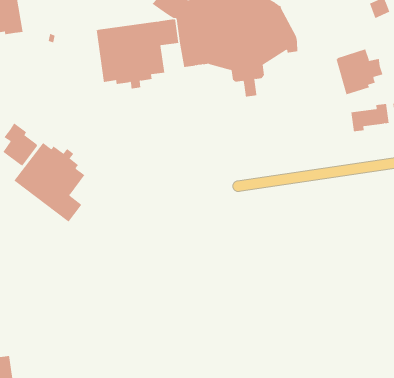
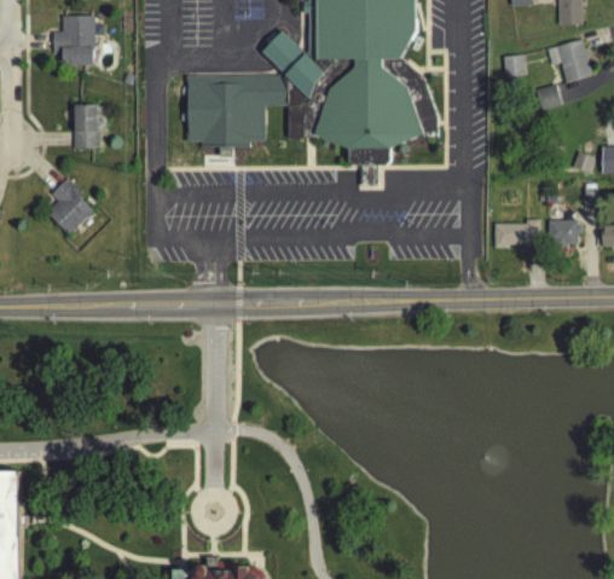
building: [336,49,383,95] -> none
building: none -> [73,104,99,147]
building: [14,142,85,223] -> none

